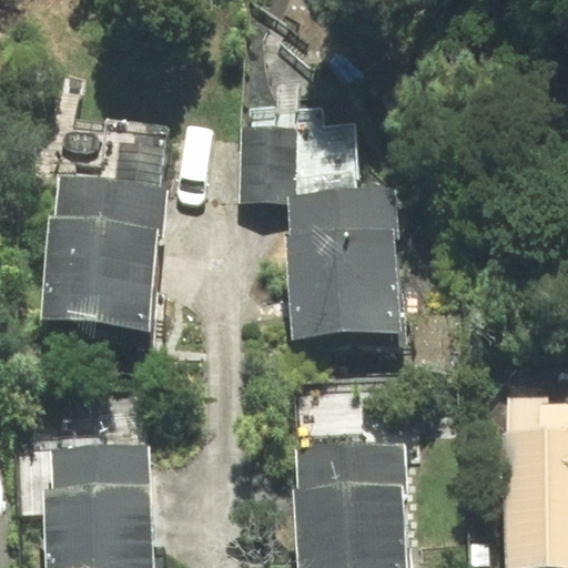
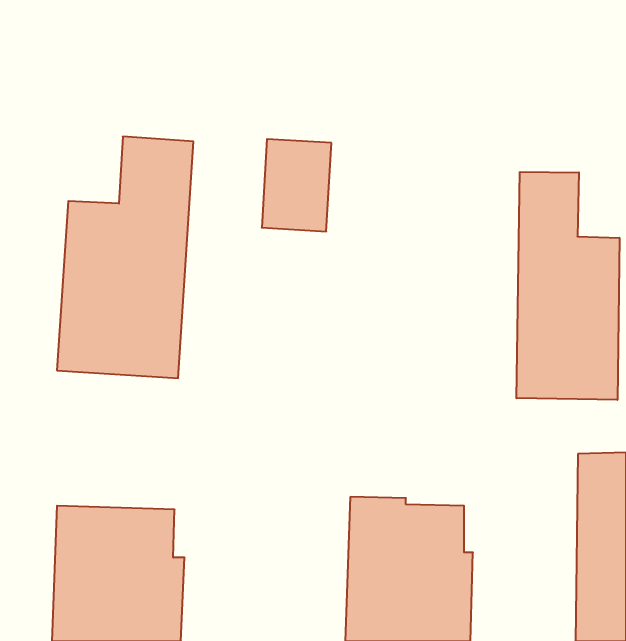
building: none -> [516,172,619,400]
building: [286,194,408,339] -> none

